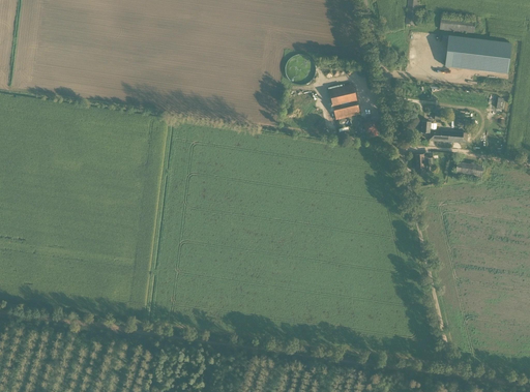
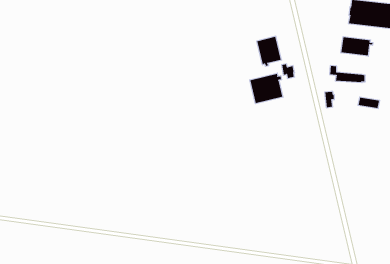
building: none -> [341,37,373,56]
building: none -> [250,73,283,104]

